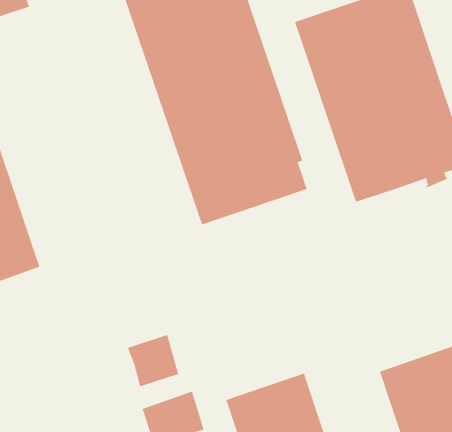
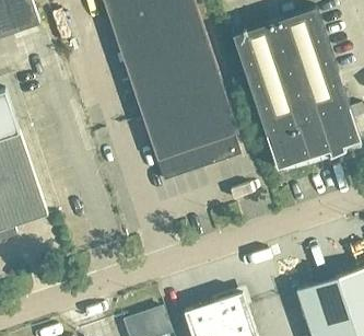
building: [127,334,179,387] -> none

